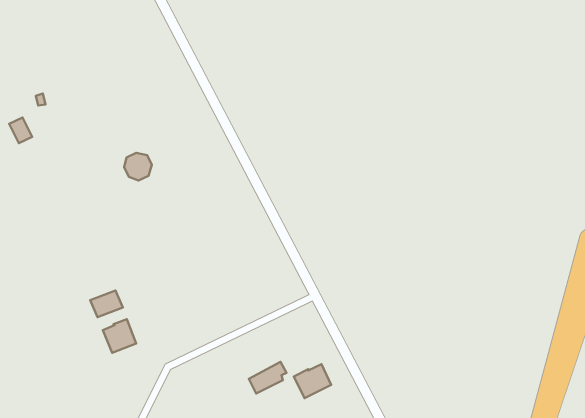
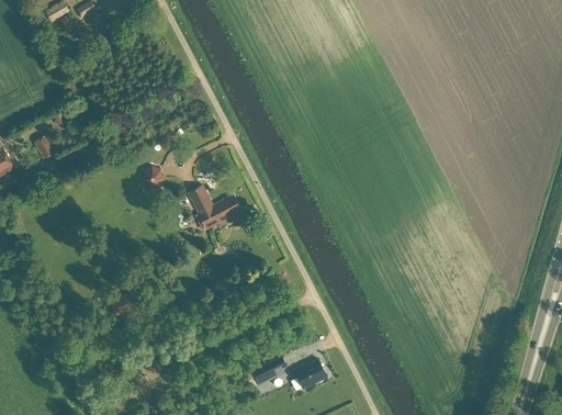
building: none -> [187,188,243,233]
building: [103,319,136,353] -> none

